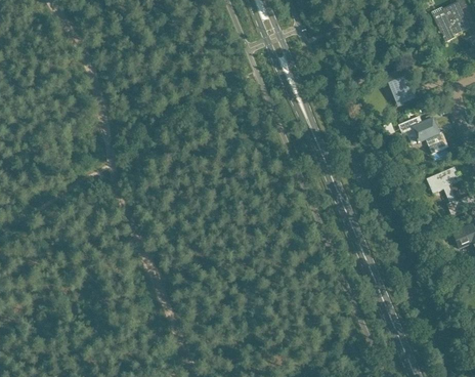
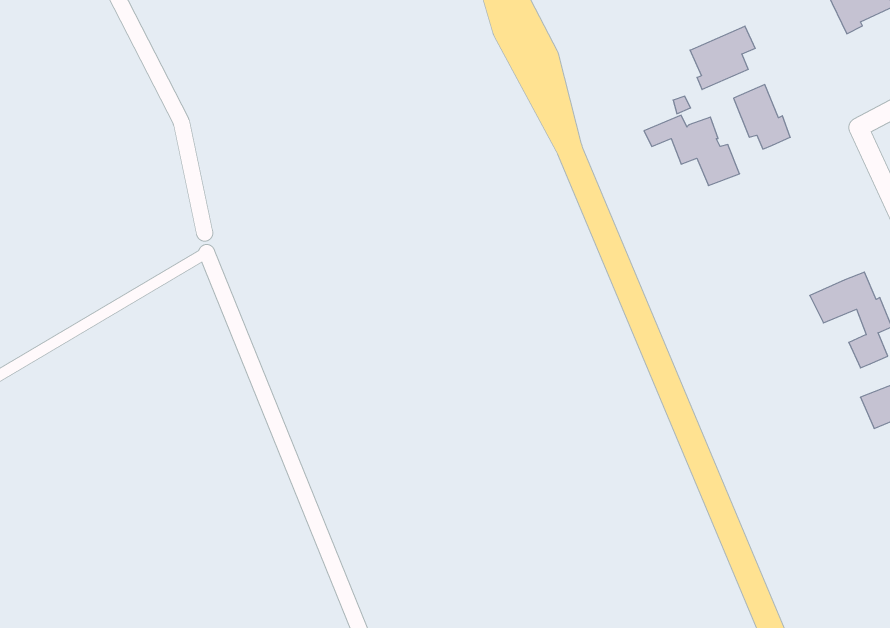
building: none -> [690,26,755,90]
building: [398,116,448,153] -> [644,115,740,186]

